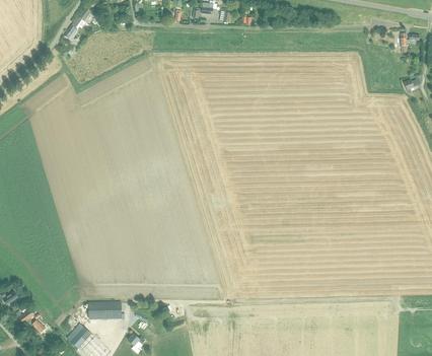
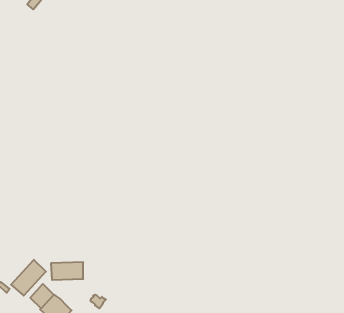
building: none -> [11,260,46,296]

